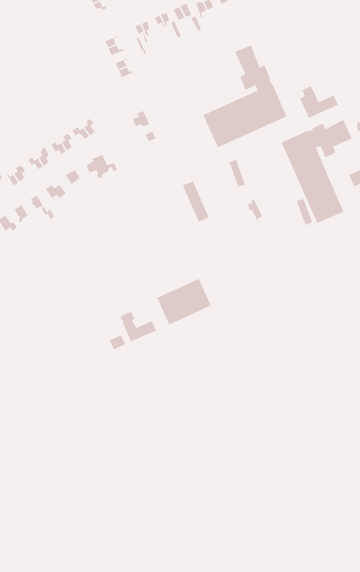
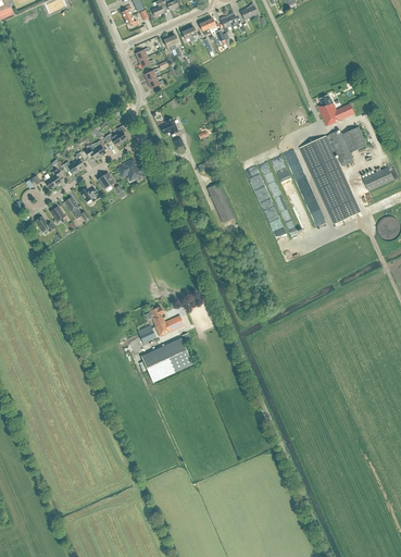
building: [202,44,288,148] -> none
building: [156,278,212,326] -> [140,337,192,382]

